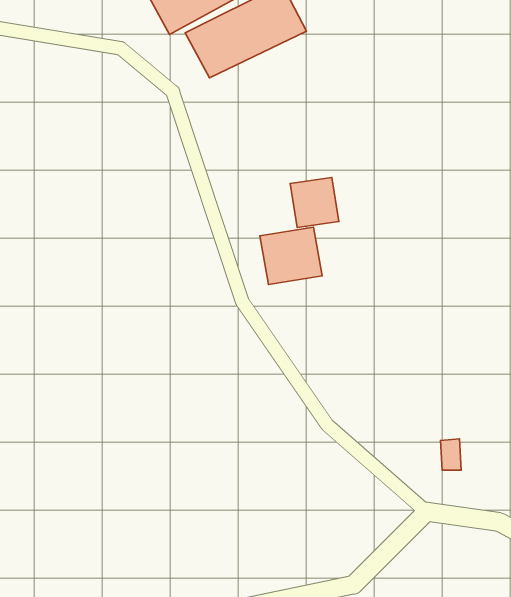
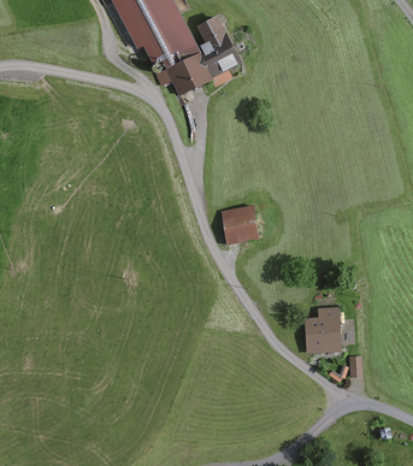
building: [290,178,339,228] -> none
building: none -> [300,311,343,350]

